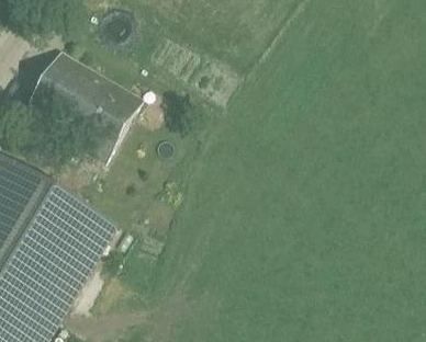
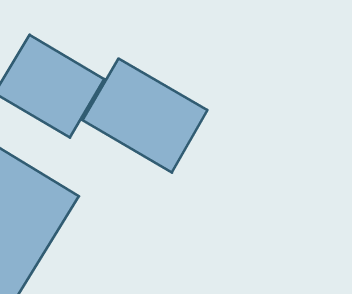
building: none -> [82,59,207,173]

